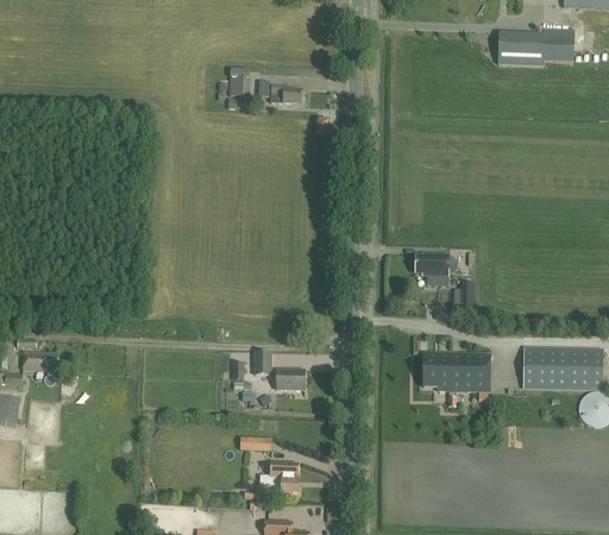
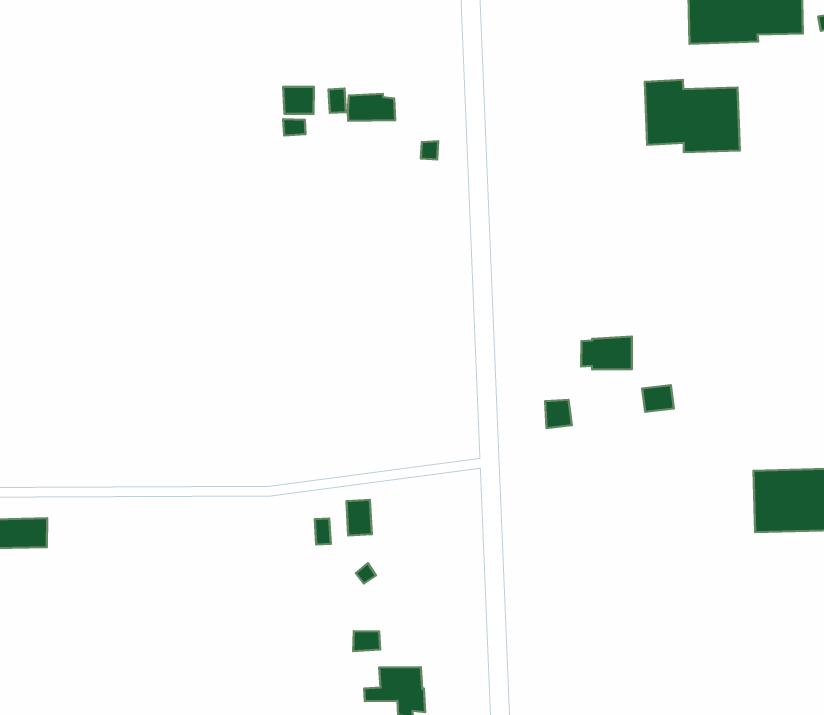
building: none -> [645,80,740,152]
building: [422,351,490,405] -> none
building: [276,369,304,389] -> none

